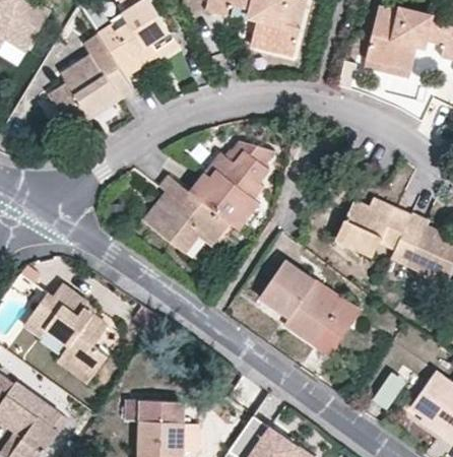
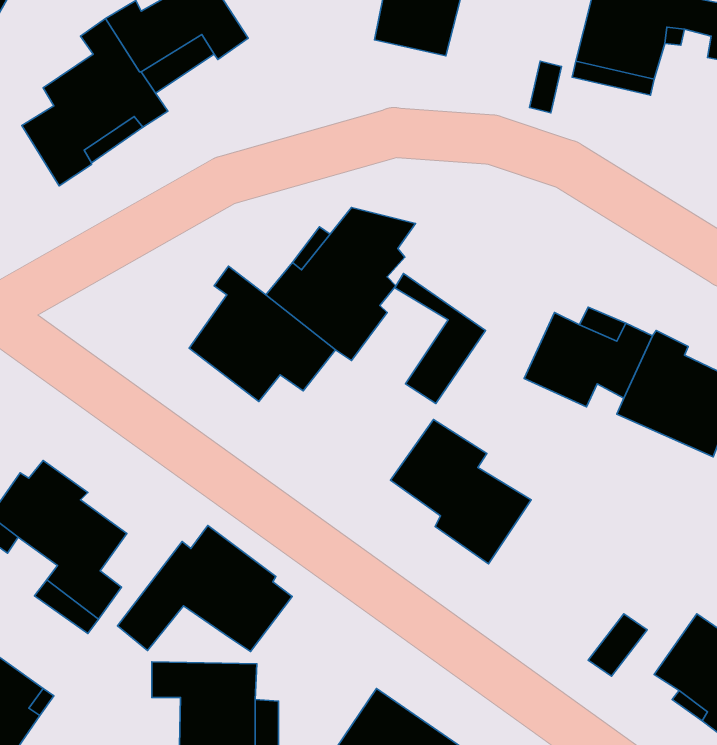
building: [310,281,362,355] -> [395,273,486,404]
building: none -> [117,526,292,652]

